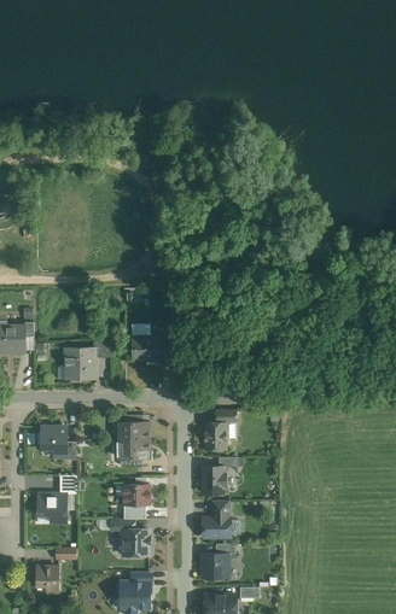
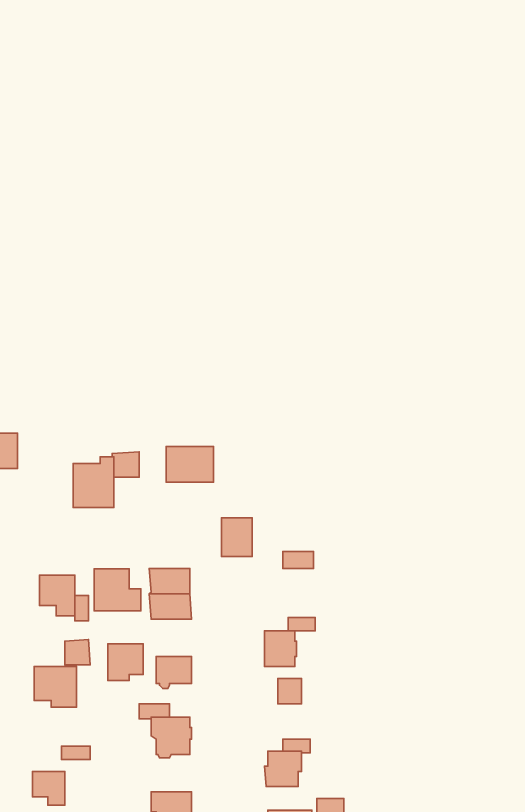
building: [204,422,226,450] -> [222,518,252,557]
building: none -> [94,569,141,611]
building: none -> [108,644,143,681]
building: [202,519,231,537] -> none

